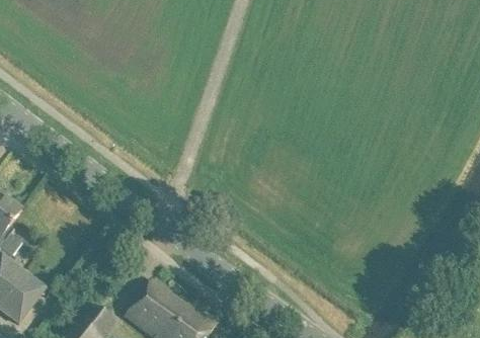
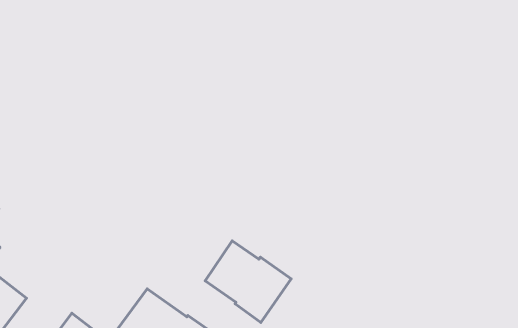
building: none -> [205,241,291,322]

